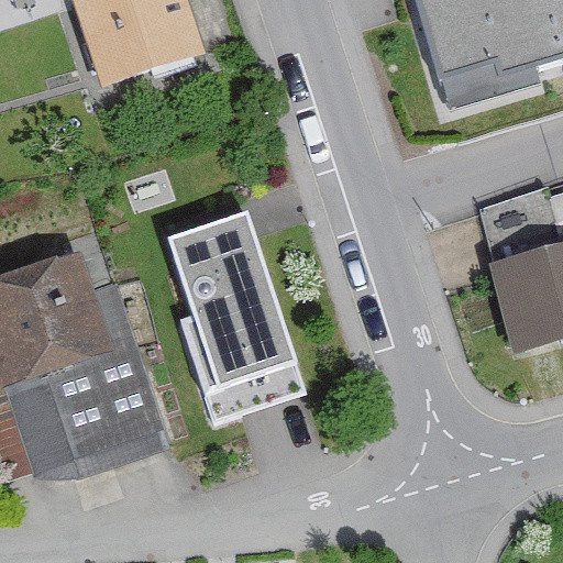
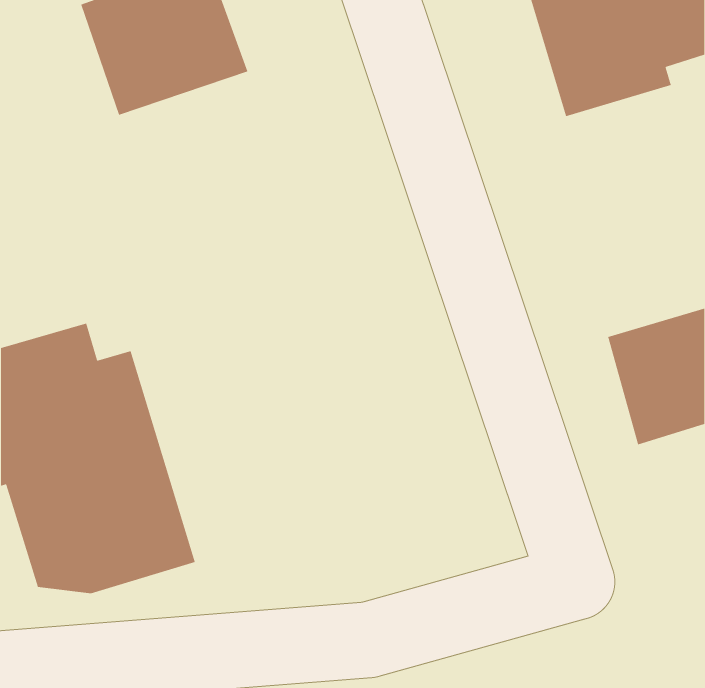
building: [173,205,301,407] -> none

